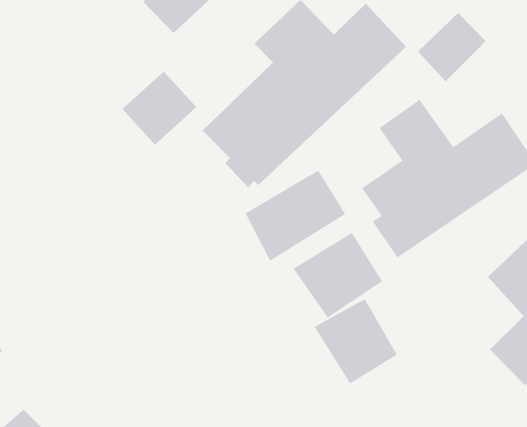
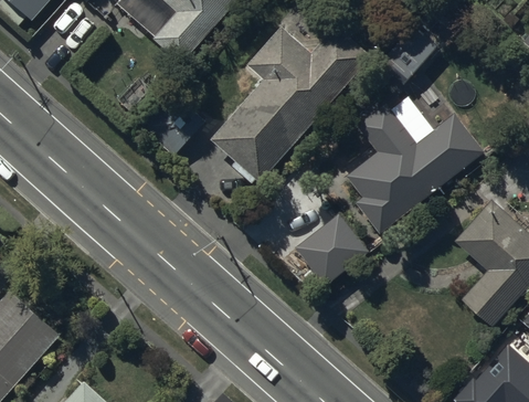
building: [244,170,346,262] -> none
building: [313,298,398,385] -> none

